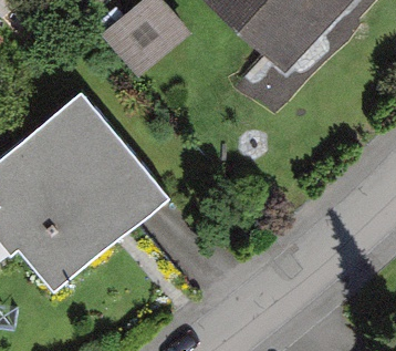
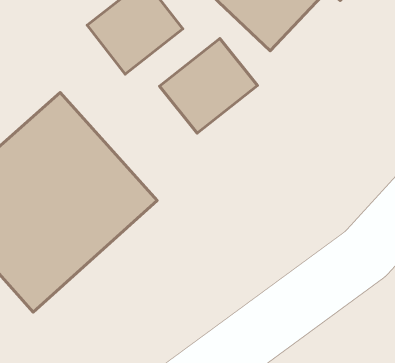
building: none -> [159,39,258,133]

